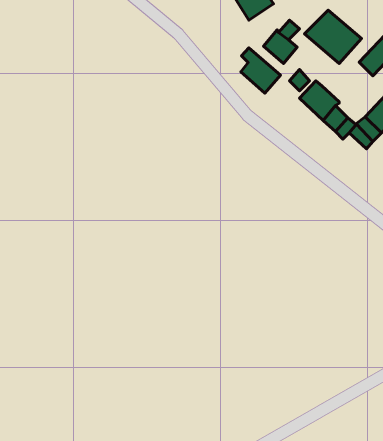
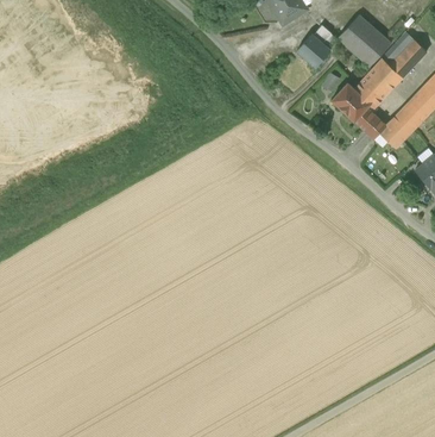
building: [241,48,281,93] -> none
building: none -> [353,58,402,108]

